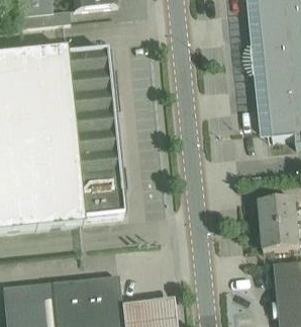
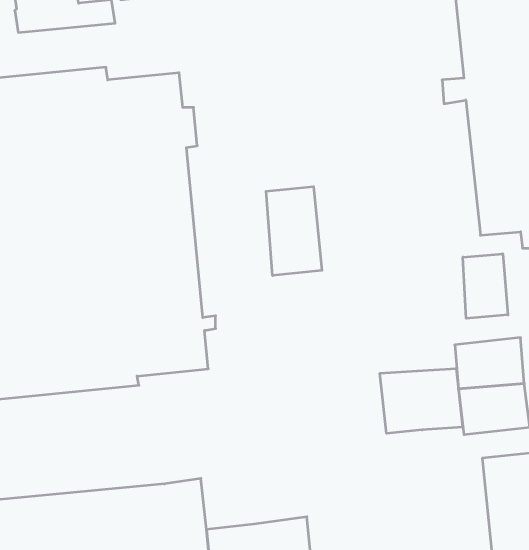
building: none -> [266,187,322,276]
building: none -> [463,254,508,318]
building: none -> [380,368,462,433]

